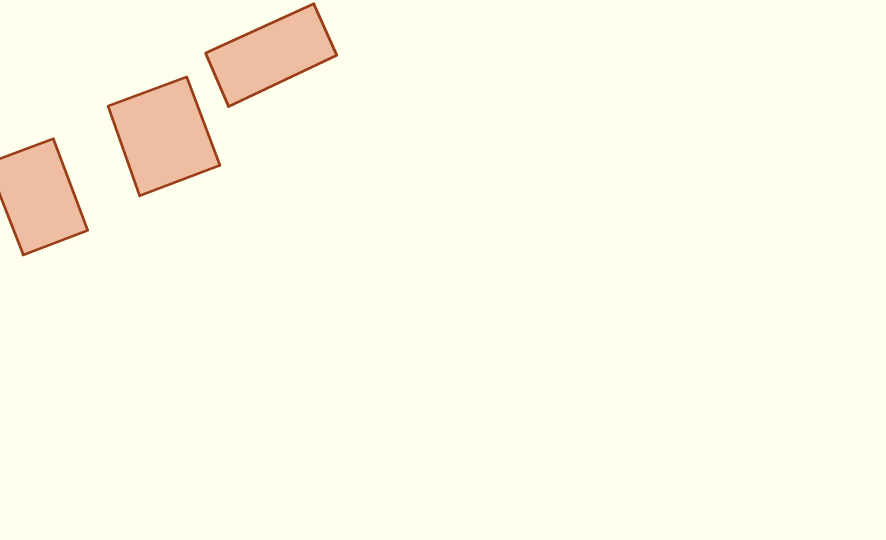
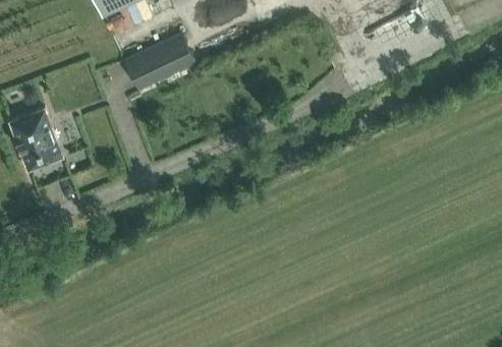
building: [108,77,220,196] -> none

